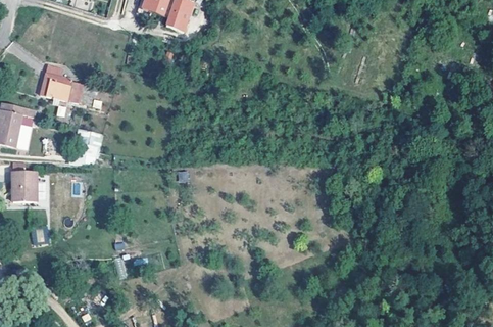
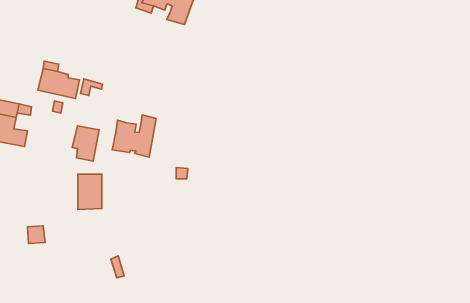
building: none -> [112,115,156,157]
building: [12,172,36,206] -> [78,174,102,209]

